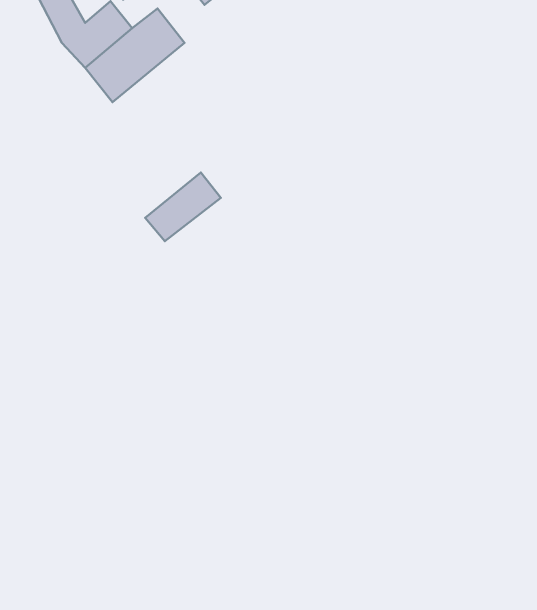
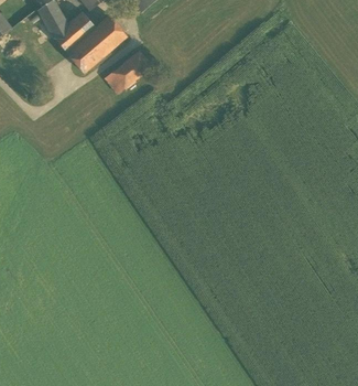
building: [145,173,221,241] -> [105,50,151,92]

